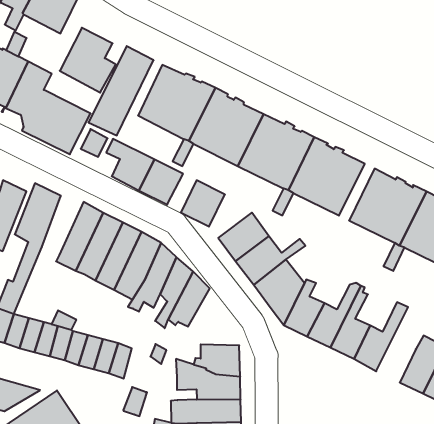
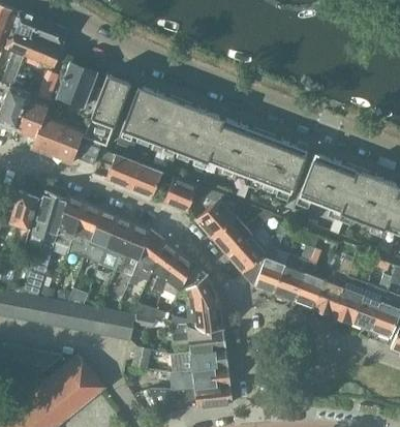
building: none -> [55,195,85,247]
building: none -> [180,263,220,308]
building: none -> [332,263,367,324]

